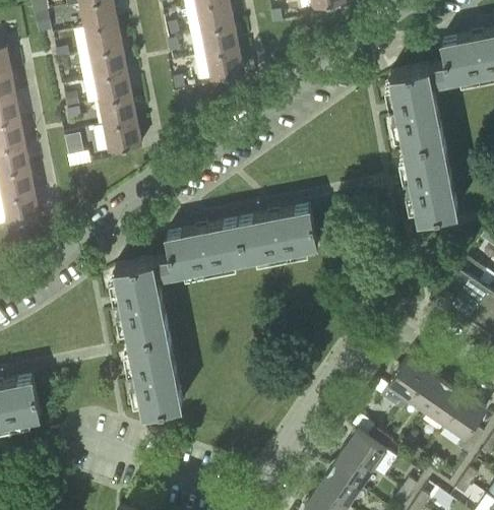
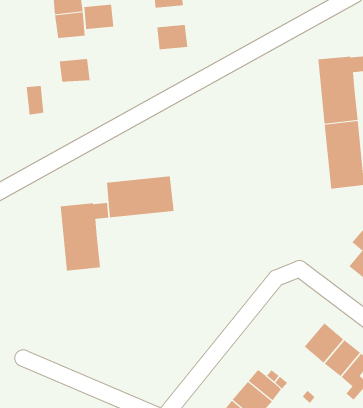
building: [201,29,238,57] -> none
building: [95,74,131,106] -> [84,4,114,29]
building: [91,124,140,155] -> none
building: [237,209,317,263] -> none
building: [129,334,182,415] -> none
building: [379,360,426,412] -> none

